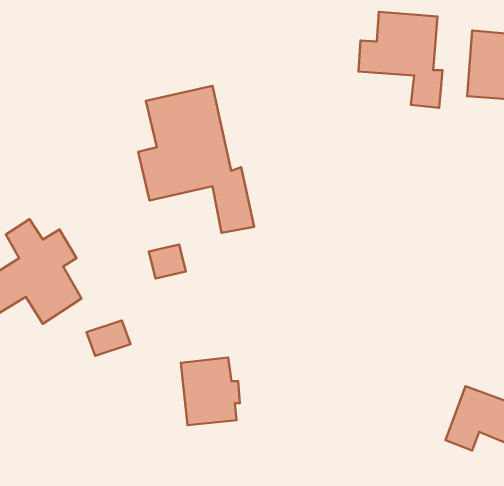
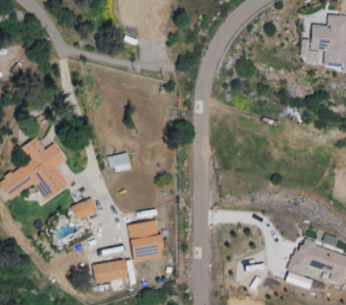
building: [358,12,442,108] -> none
building: [138,86,254,233] -> none
building: none -> [93,259,129,284]

